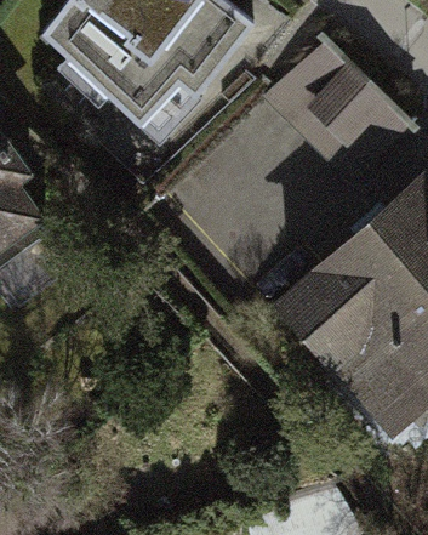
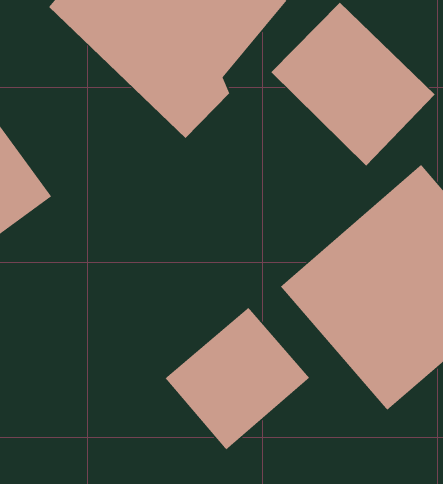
building: none -> [165,307,310,451]

